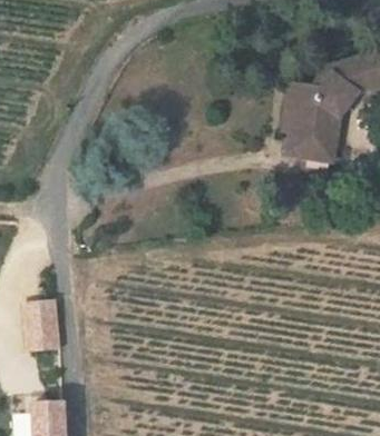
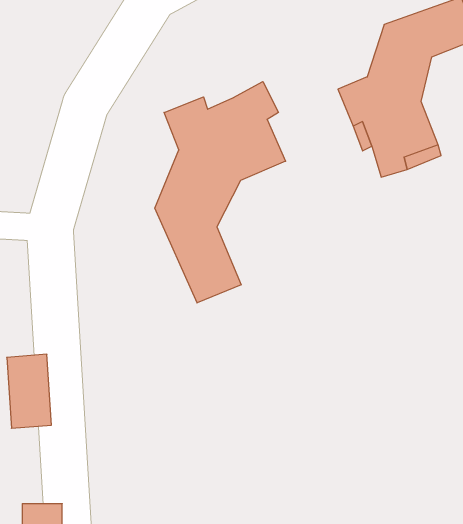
building: none -> [155,82,286,303]

